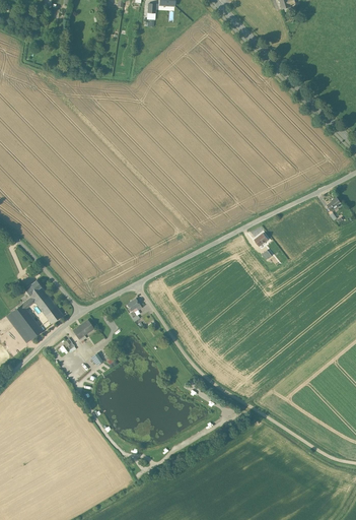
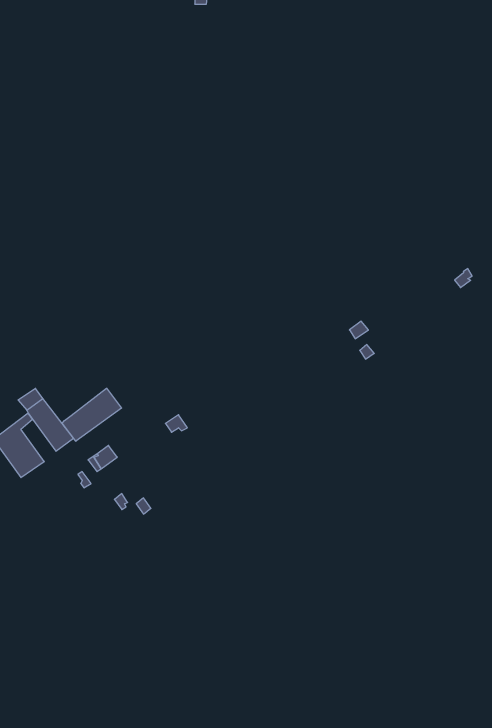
building: none -> [62,388,122,441]

